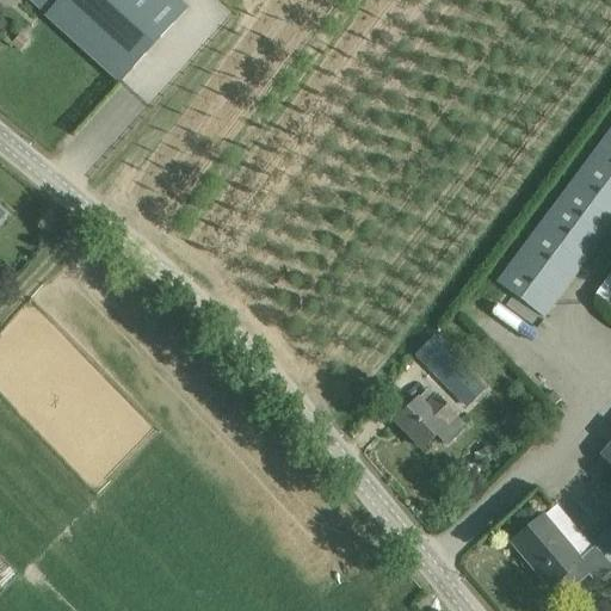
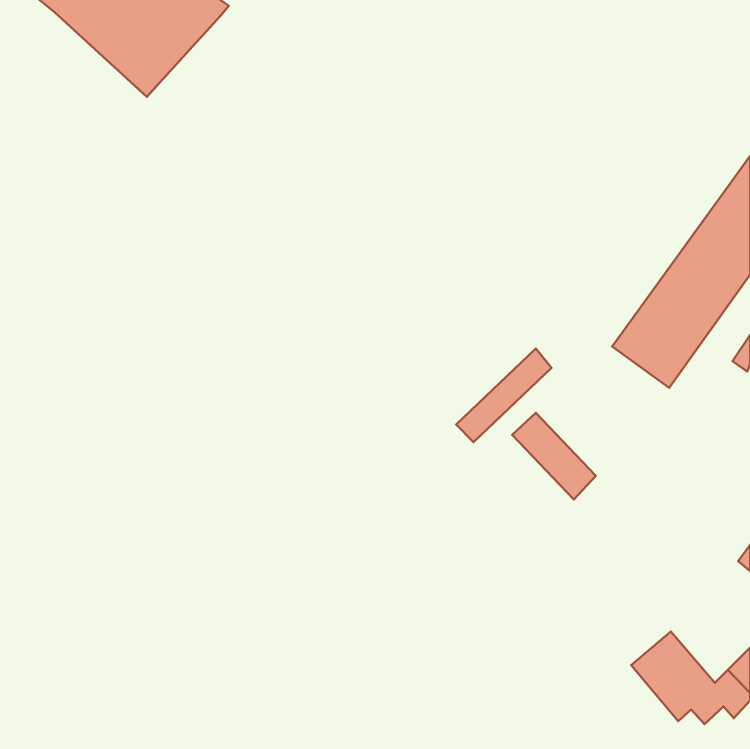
building: none -> [456,348,551,442]
building: [395,394,457,448] -> none

